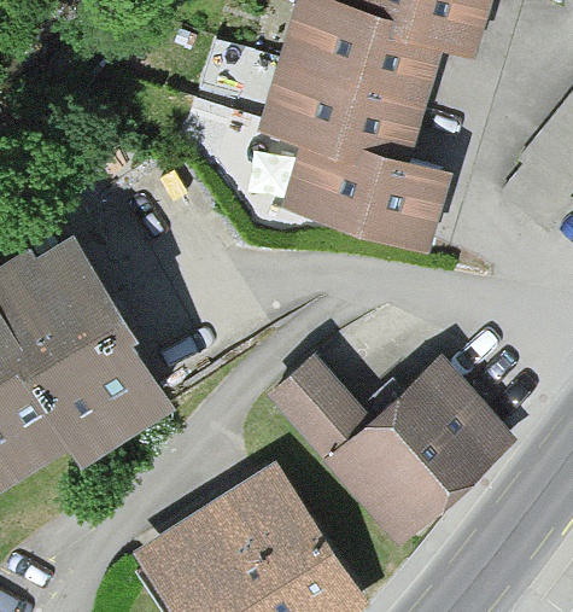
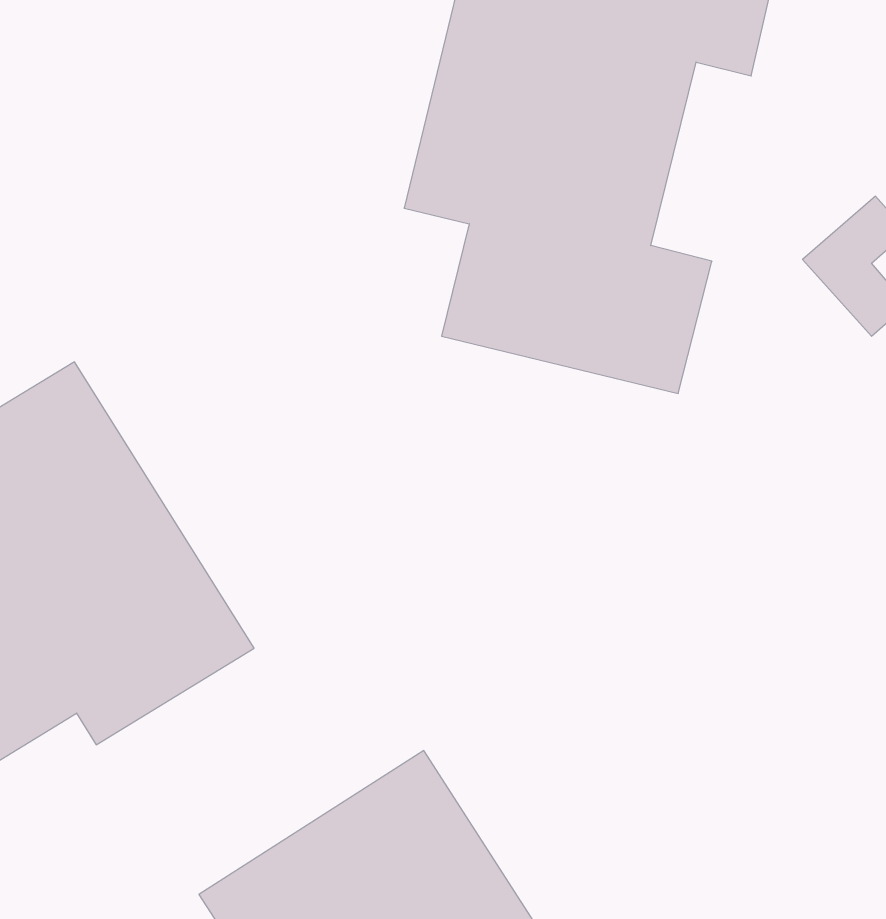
building: [268,354,514,550] -> none

